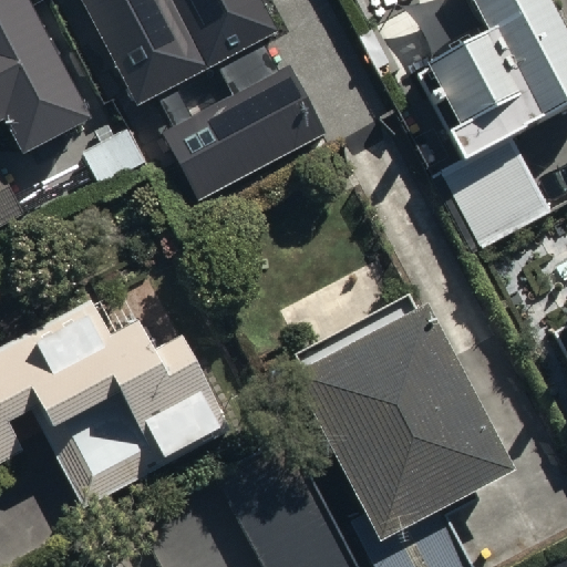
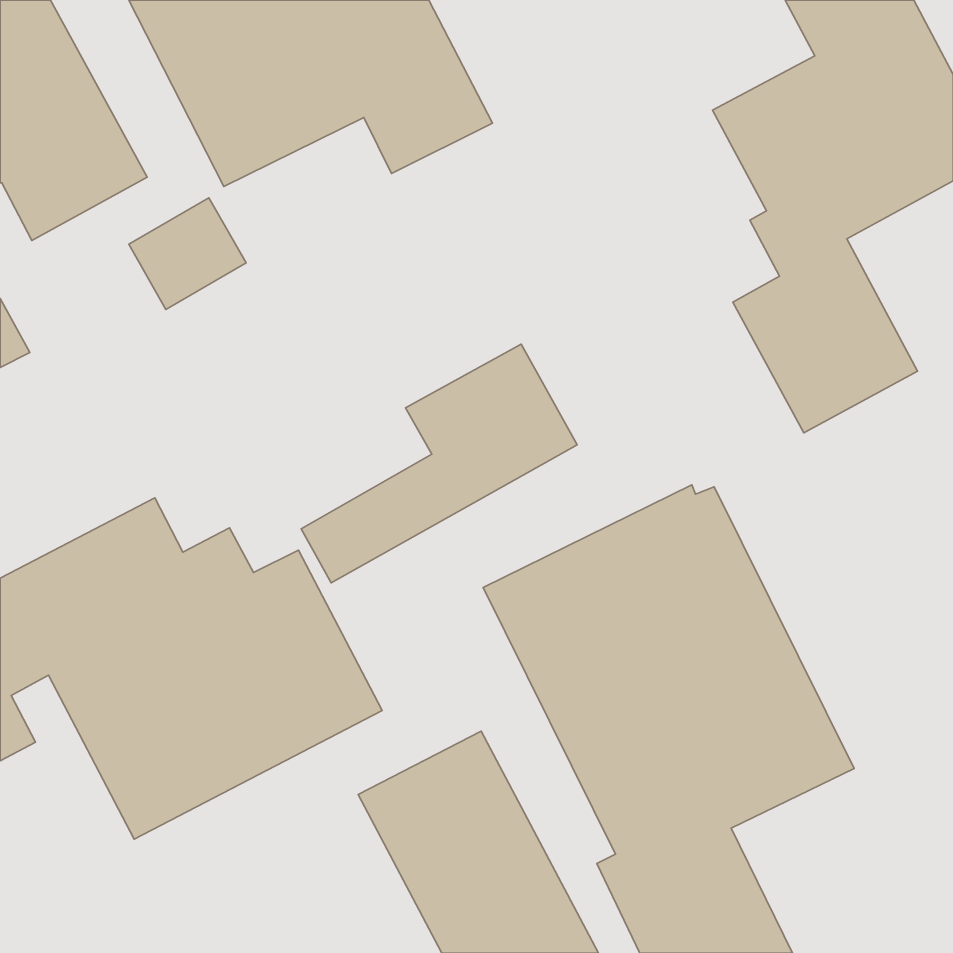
building: [163,82,327,224] -> [301,344,577,583]

